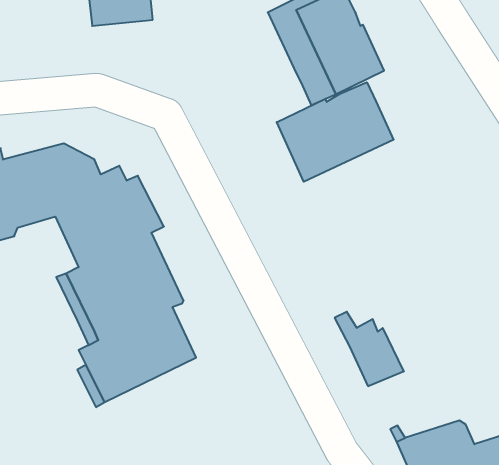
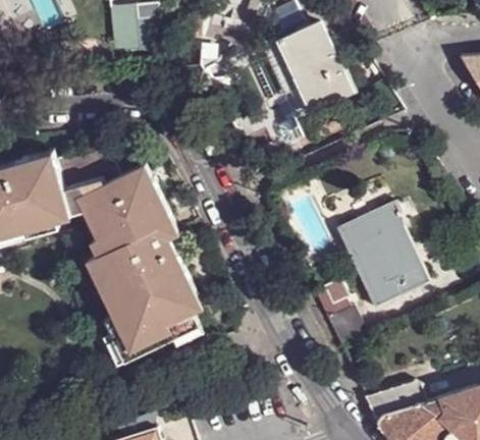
building: [277,82,394,182] -> none
building: none -> [340,201,431,308]

